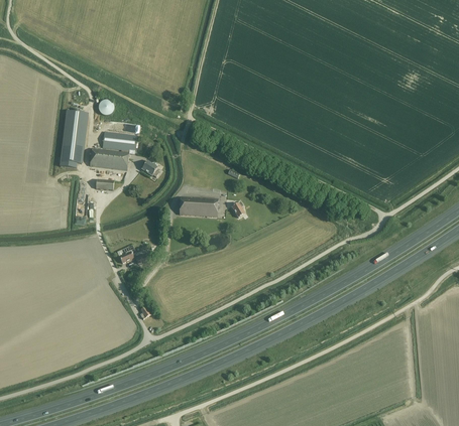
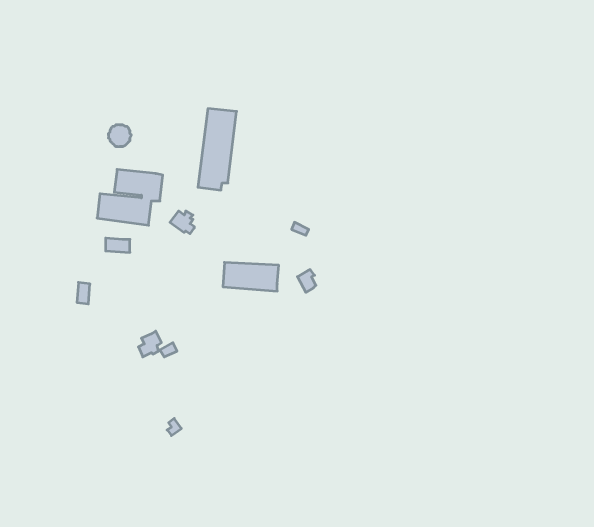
building: [60,112,87,169] -> [198,109,237,190]

